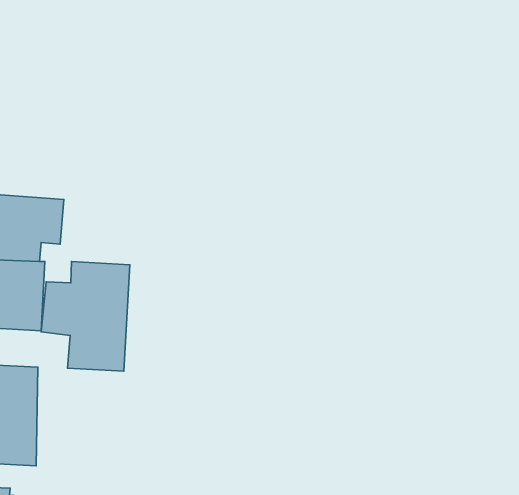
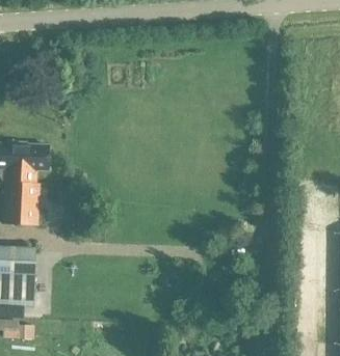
building: [41,261,130,371] -> none

